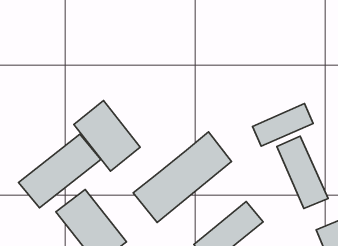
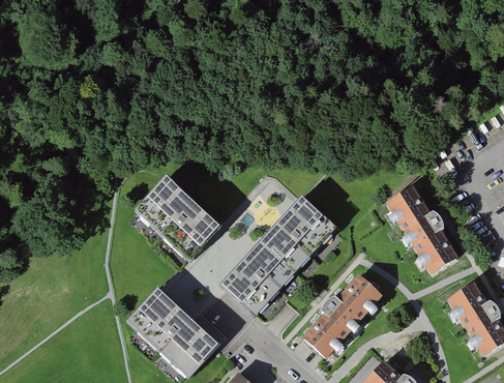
building: [252,103,313,146] -> none
building: [18,134,101,208] -> none

